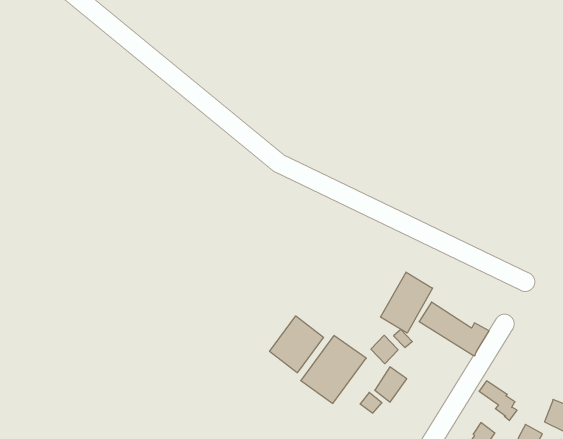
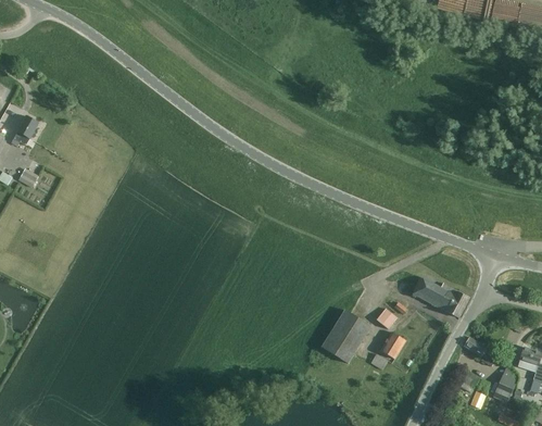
building: [380,272,433,333] -> none
building: [270,316,323,373] -> none

